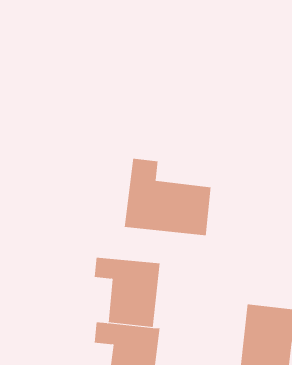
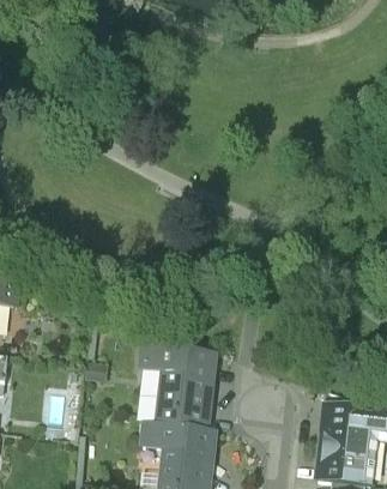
building: [124,158,211,236] -> none

